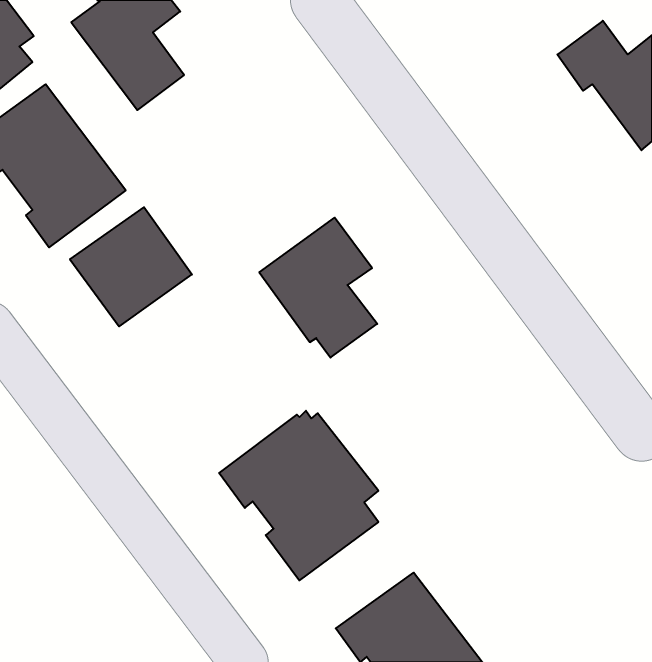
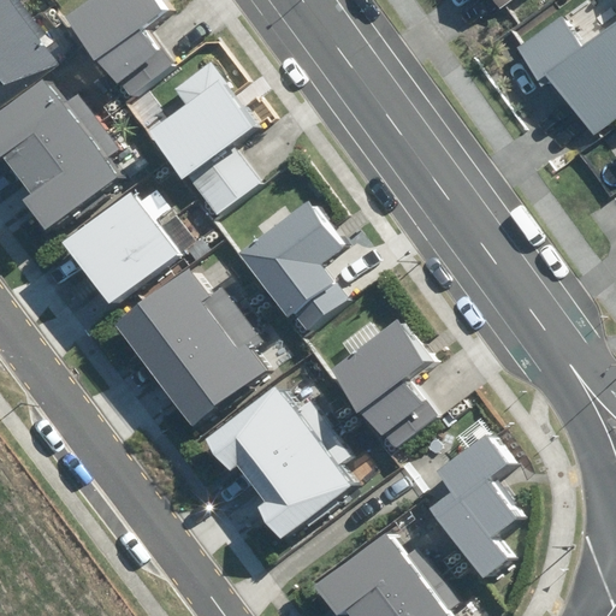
building: none -> [152,64,262,218]
building: none -> [114,261,267,431]
building: none -> [330,320,437,449]
building: none -> [430,436,519,578]

